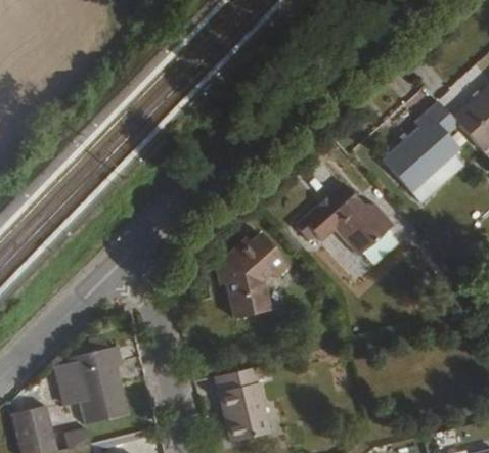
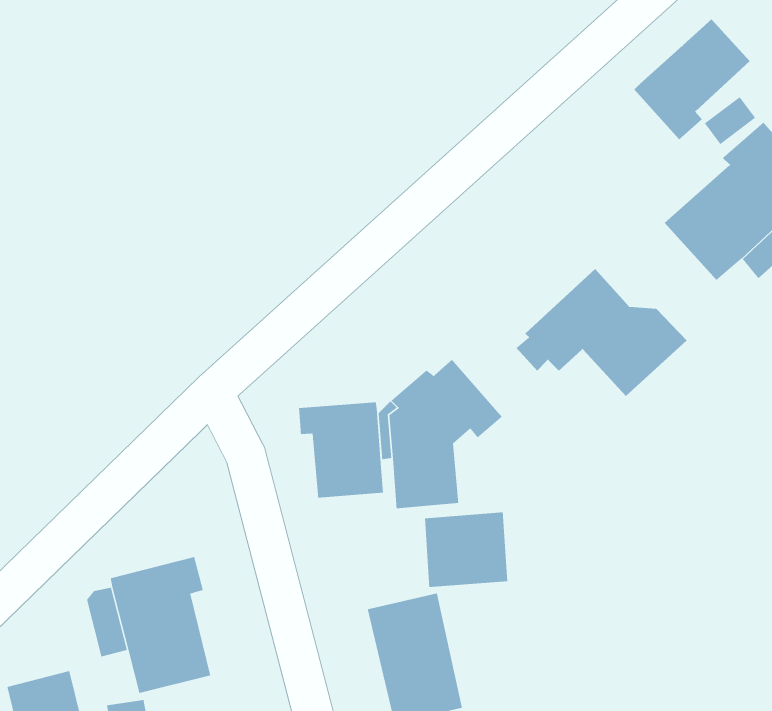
building: none -> [634,18,751,140]
building: none -> [298,401,384,499]
building: none -> [424,512,508,588]

